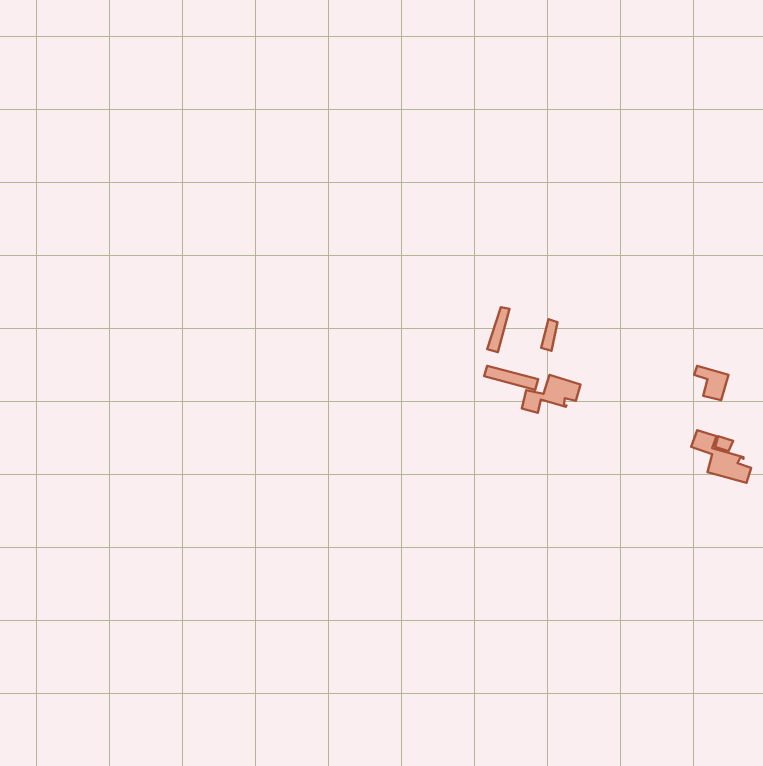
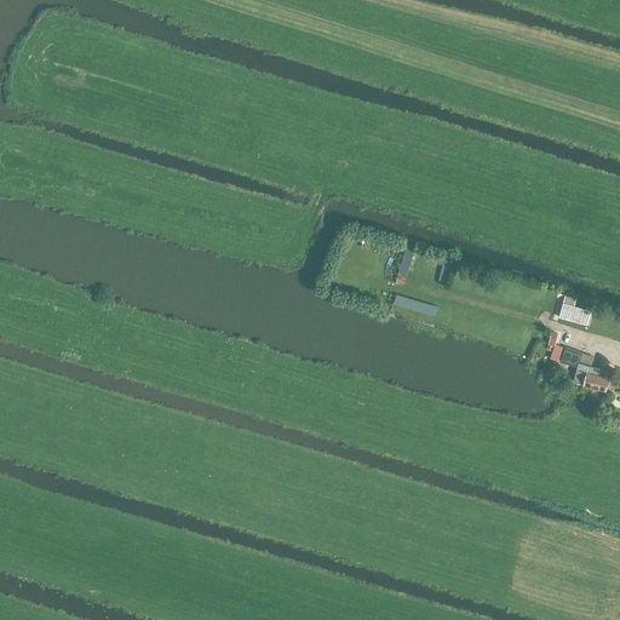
building: [522,375,580,413] -> none

